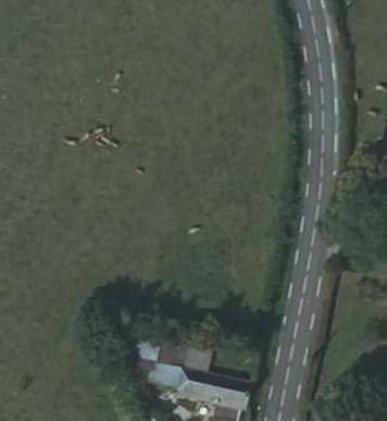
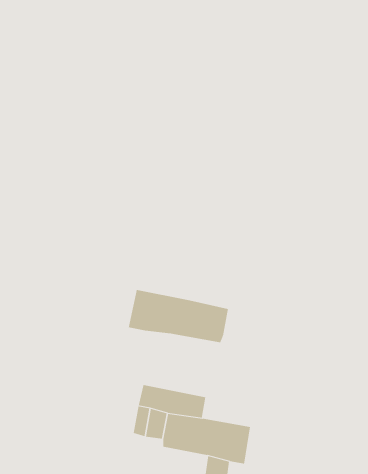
building: none -> [128,289,228,343]

